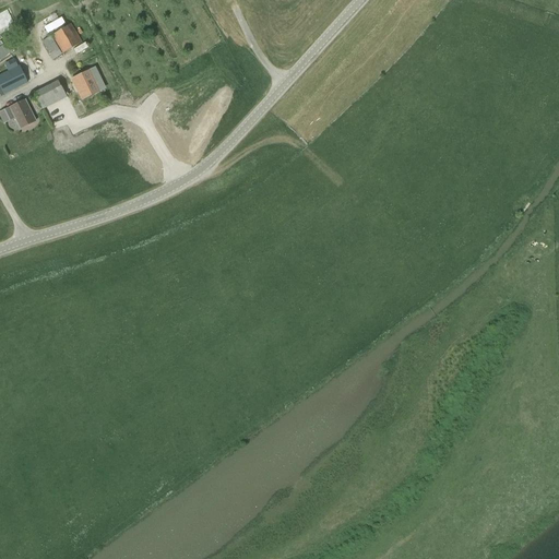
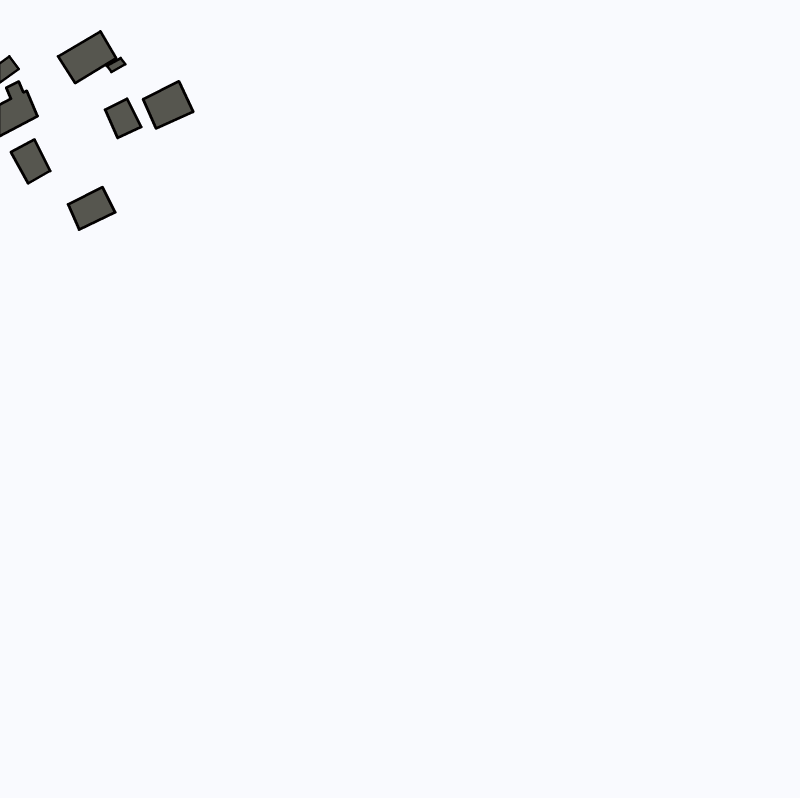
building: none -> [143,81,193,128]
building: [34,79,67,108] -> [68,187,115,230]

